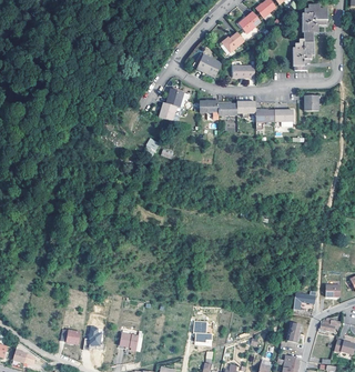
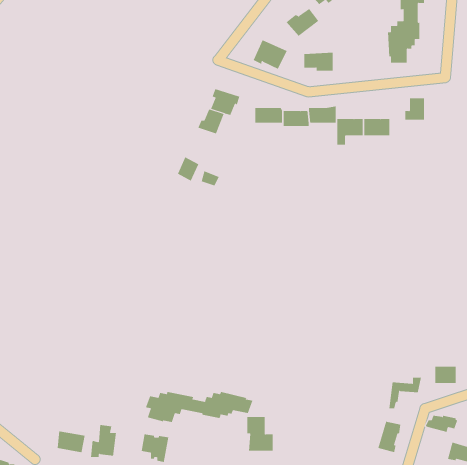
building: none -> [145,391,253,423]

